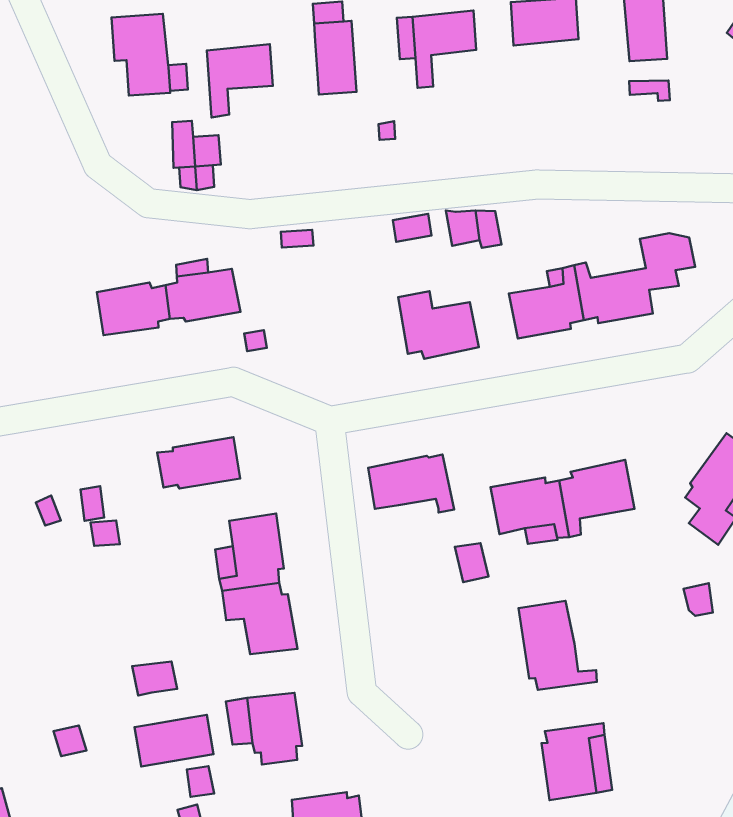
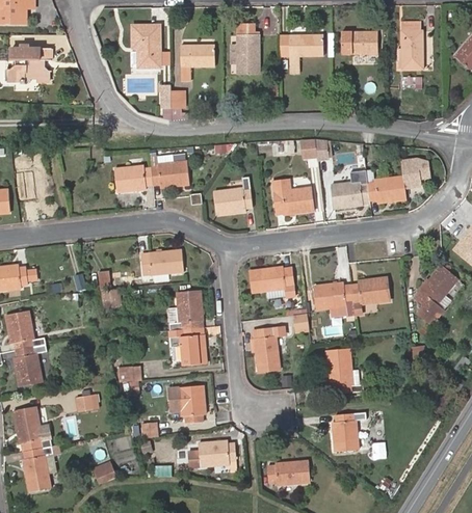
building: none -> [213,177,252,214]
building: none -> [253,327,284,370]
building: [134,715,214,767] -> none

